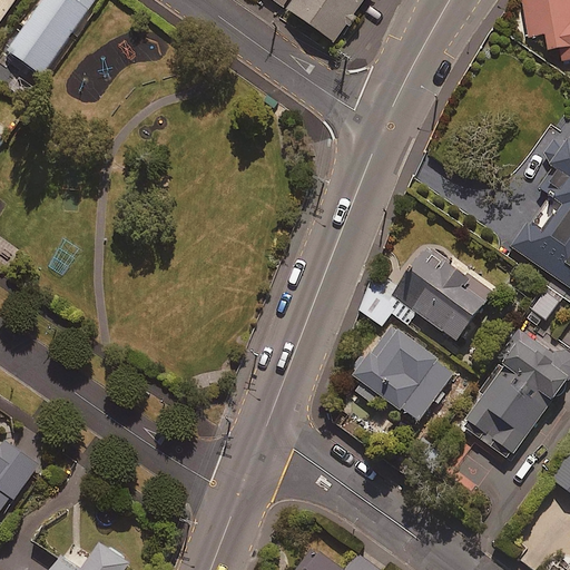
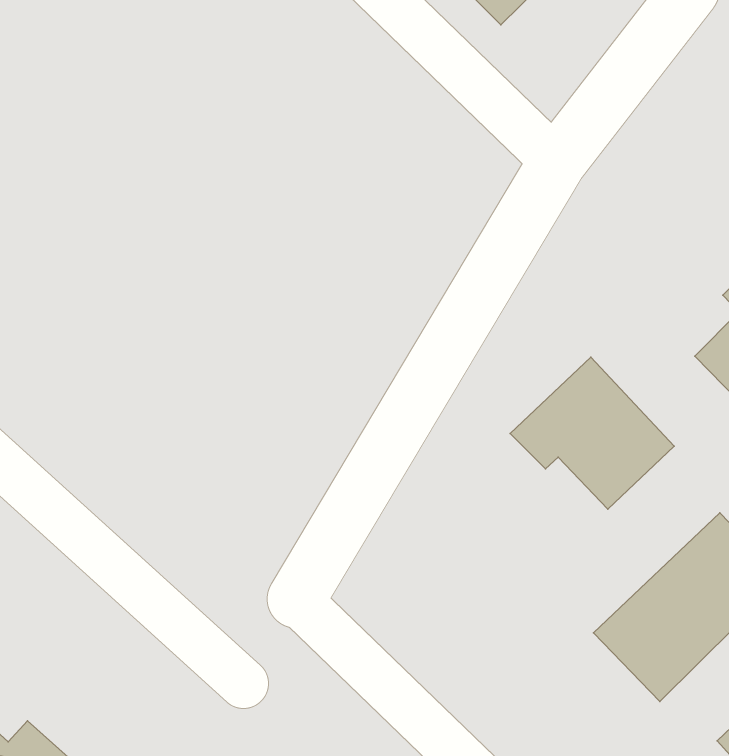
building: [352,325,455,422] -> none

